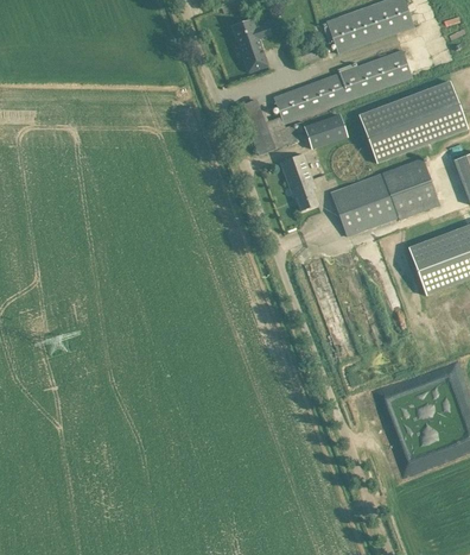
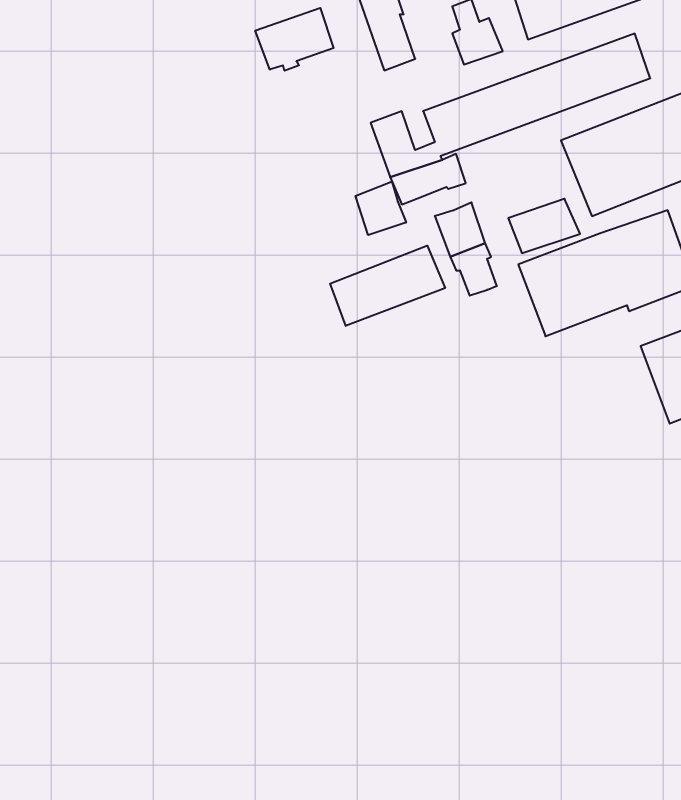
building: none -> [255,8,334,71]
building: [303,115,347,149] -> [508,199,580,253]
building: none -> [355,182,406,235]
building: none -> [330,246,445,326]

